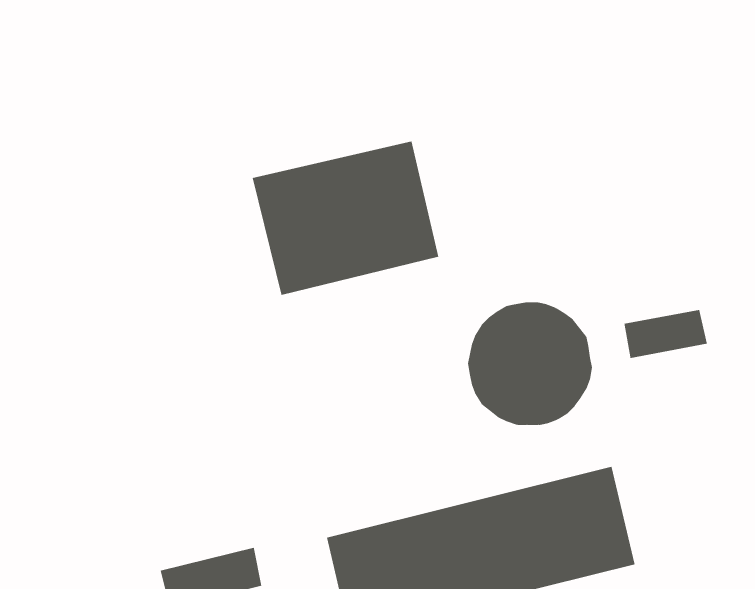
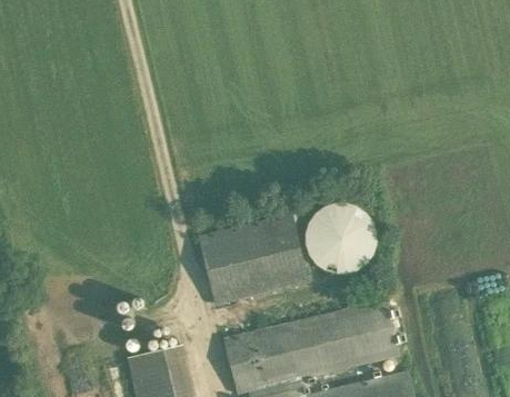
building: [252,141,439,296] -> [200,216,308,305]
building: [624,309,707,359] -> none

